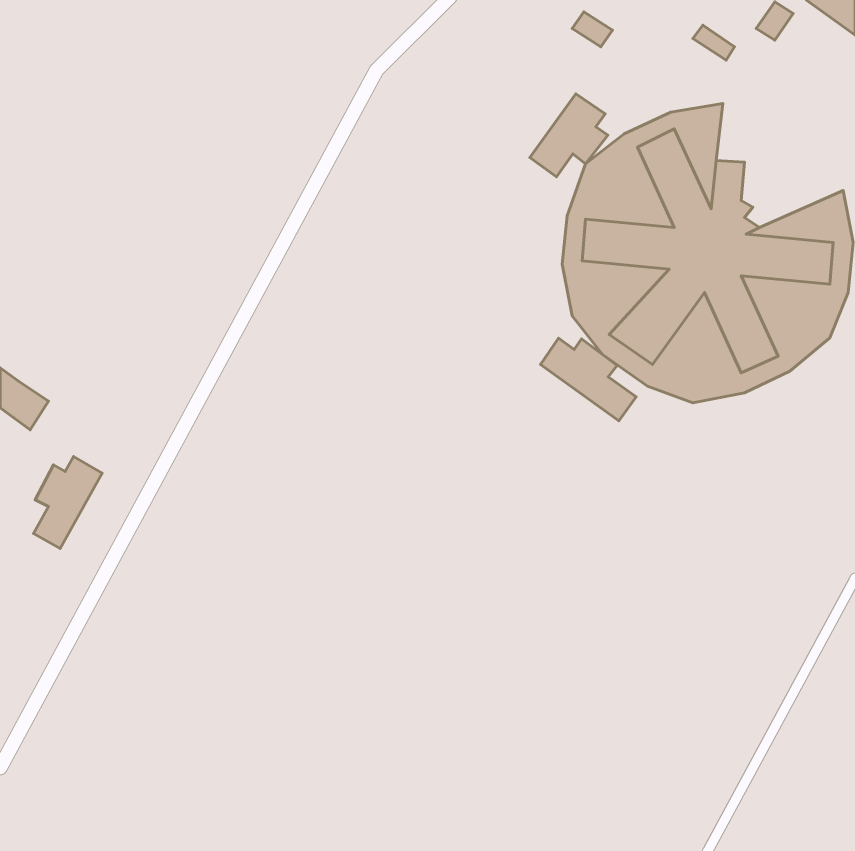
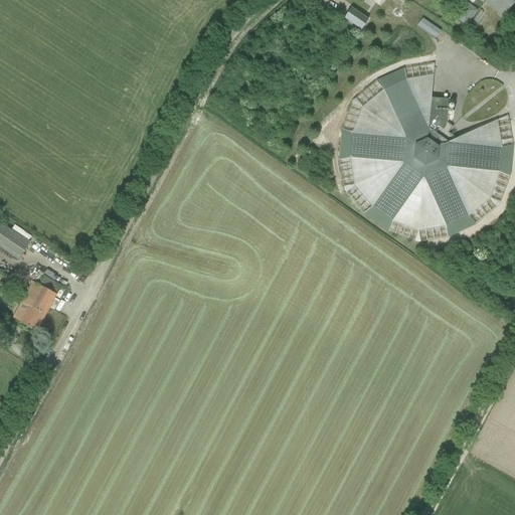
building: [530,94,608,177] -> none
building: [541,338,636,421] -> none

